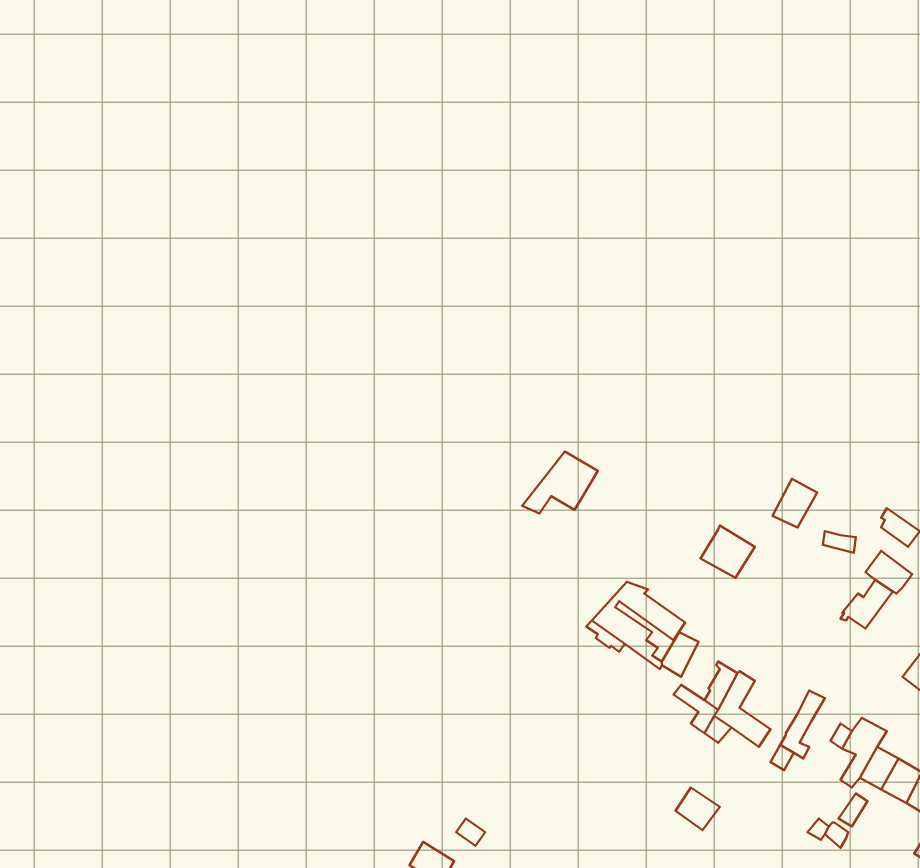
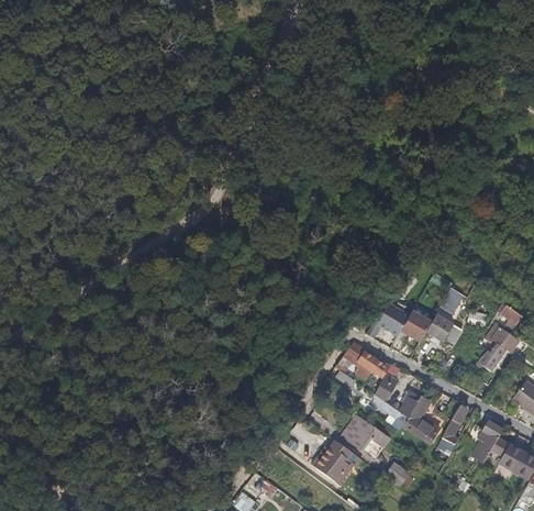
building: [522,451,598,514] -> [365,303,408,338]
building: none -> [427,314,461,346]
building: none -> [346,418,388,456]
building: none -> [314,438,357,481]

